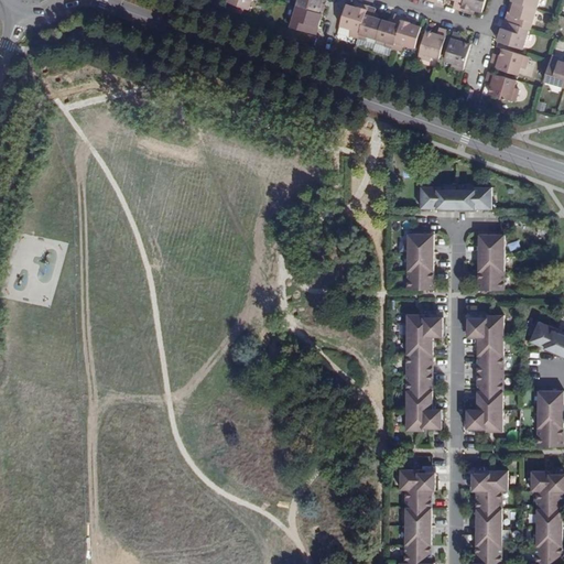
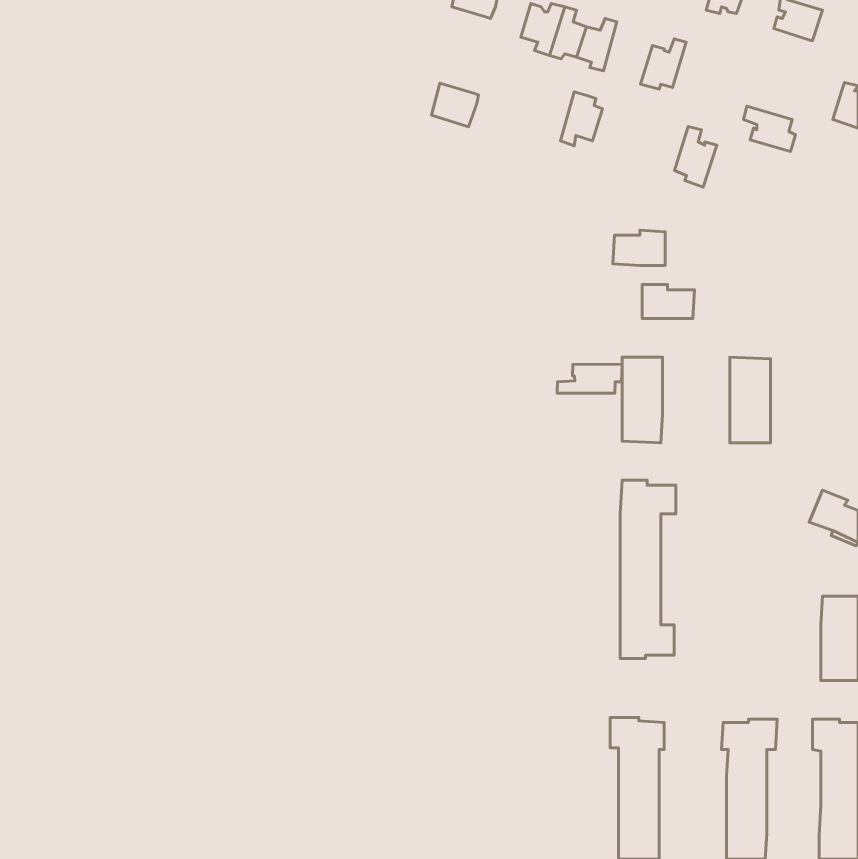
building: [290,4,321,33] -> [431,83,479,127]
building: [394,14,422,50] -> [561,92,603,146]
building: [499,19,530,47] -> none
building: [444,30,471,69] -> [675,127,717,187]
building: [490,47,530,74] -> none
building: [456,186,490,209] -> [613,230,665,266]
building: none -> [557,364,622,393]
building: [466,315,503,432] -> none

